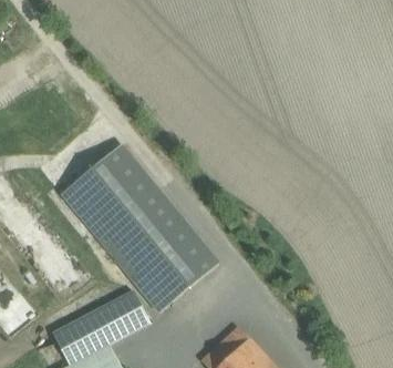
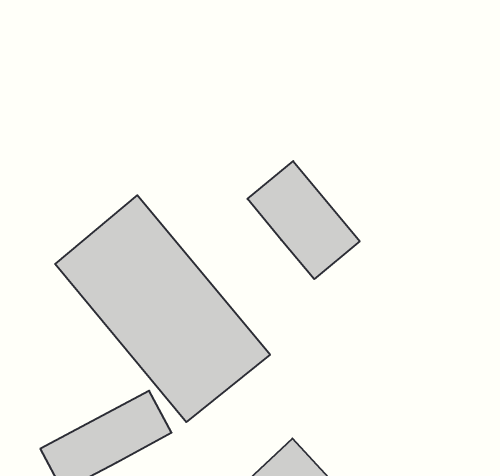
building: none -> [247,161,360,279]

